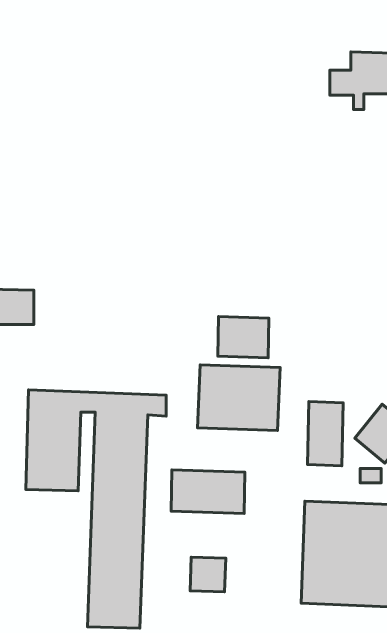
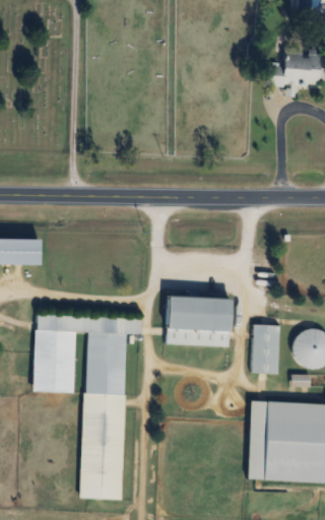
building: [218,317,269,358] -> none
building: [171,470,245,514] -> none
building: [190,557,226,592] -> none

